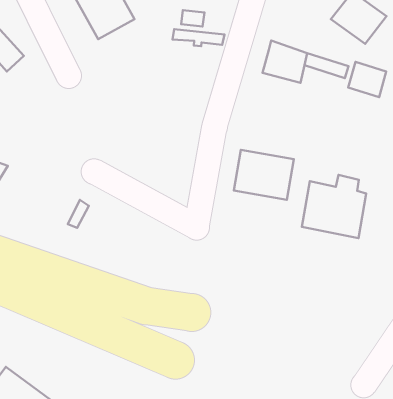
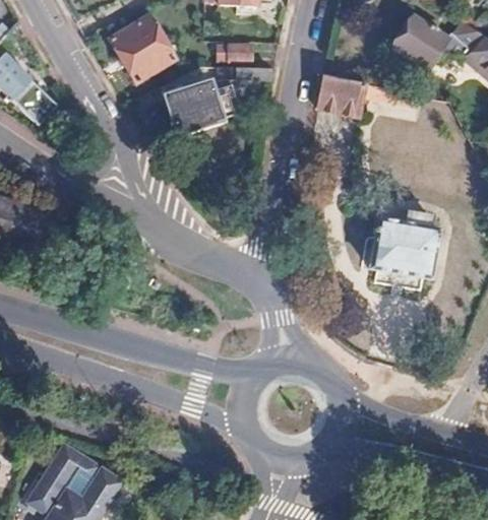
building: none -> [165,84,234,135]
building: [348,62,386,97] -> none
building: [234,150,294,200] -> none

